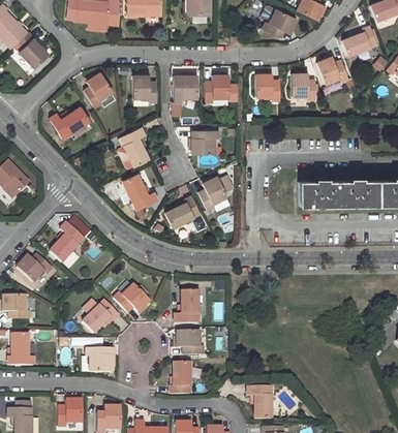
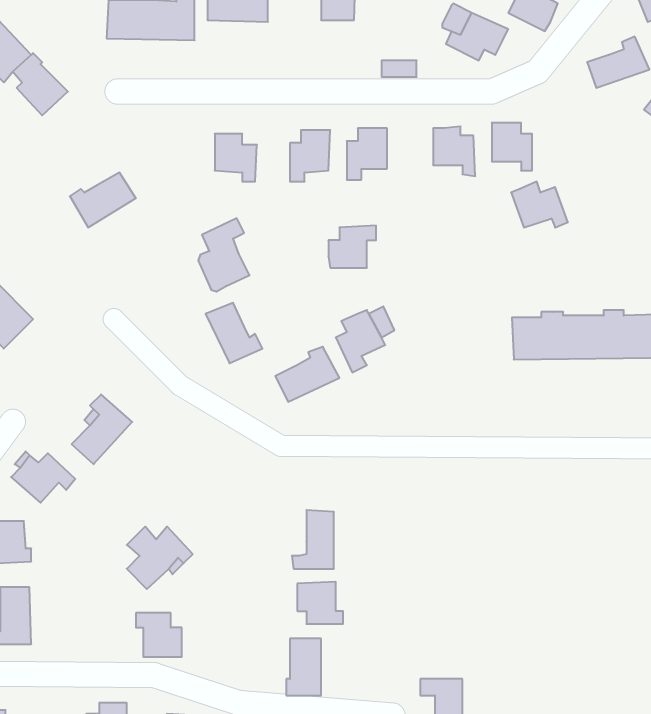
building: [317,59,349,85] -> [511,182,568,228]
building: [84,70,112,106] -> none
building: [115,285,149,312] -> none

